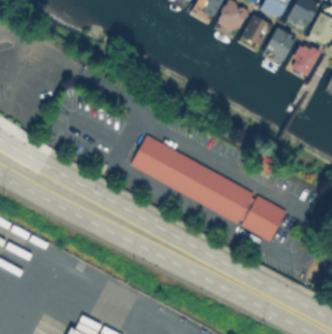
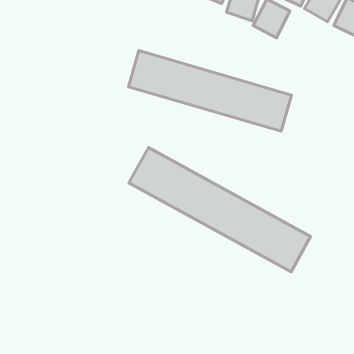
building: [264,28,298,66] -> none
building: [291,42,323,77] -> none
building: none -> [128,51,292,131]

